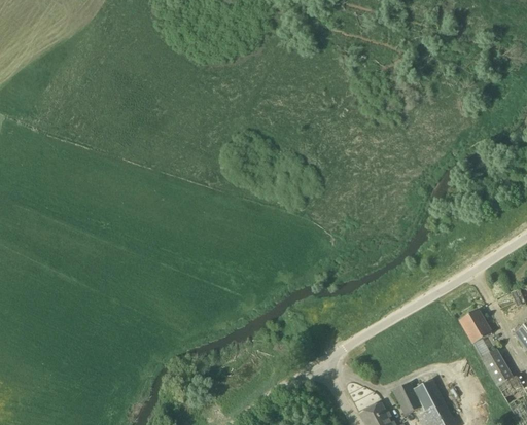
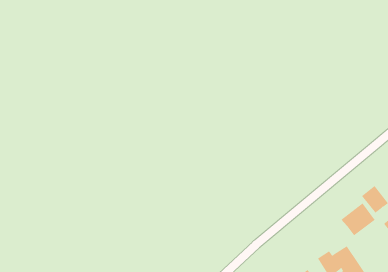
building: none -> [341,203,376,236]

